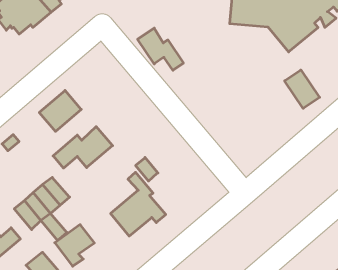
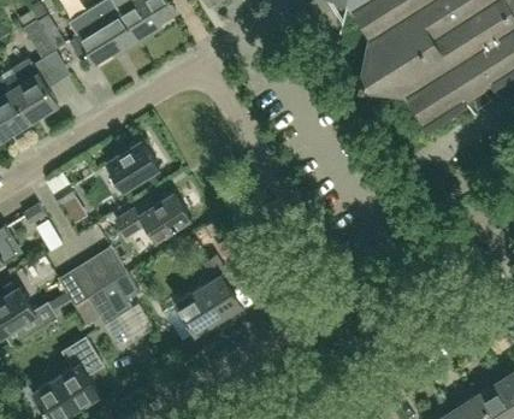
building: [138,28,183,70] -> none
building: [285,70,320,108] -> none
building: none -> [101,275,138,318]

